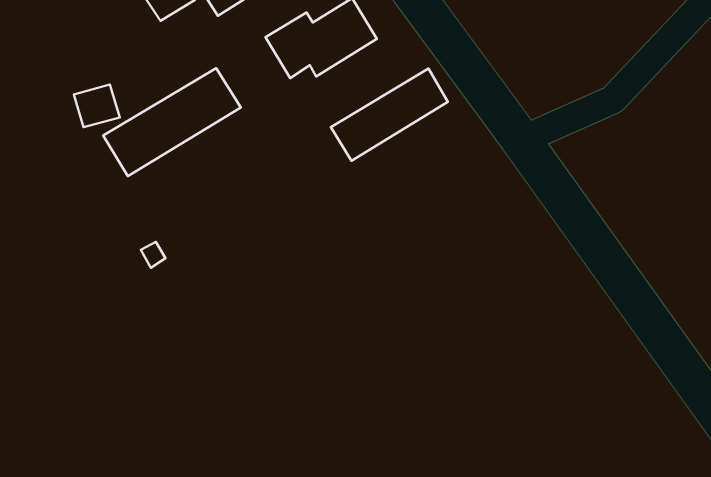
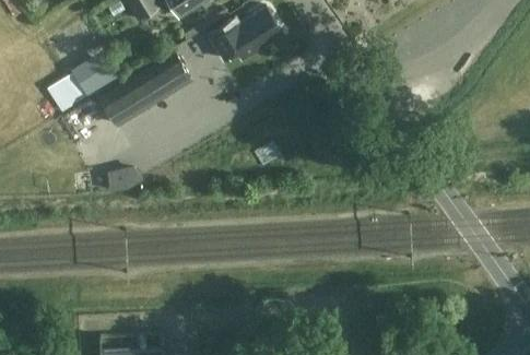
building: [331,68,448,161] -> none
building: none -> [51,72,85,108]

